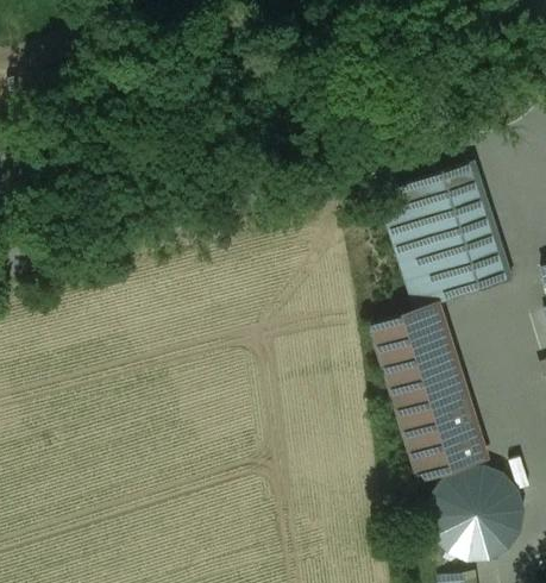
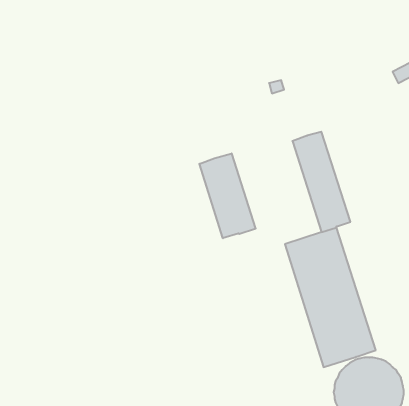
building: [419,164,509,296] -> none
building: none -> [199,153,256,238]

